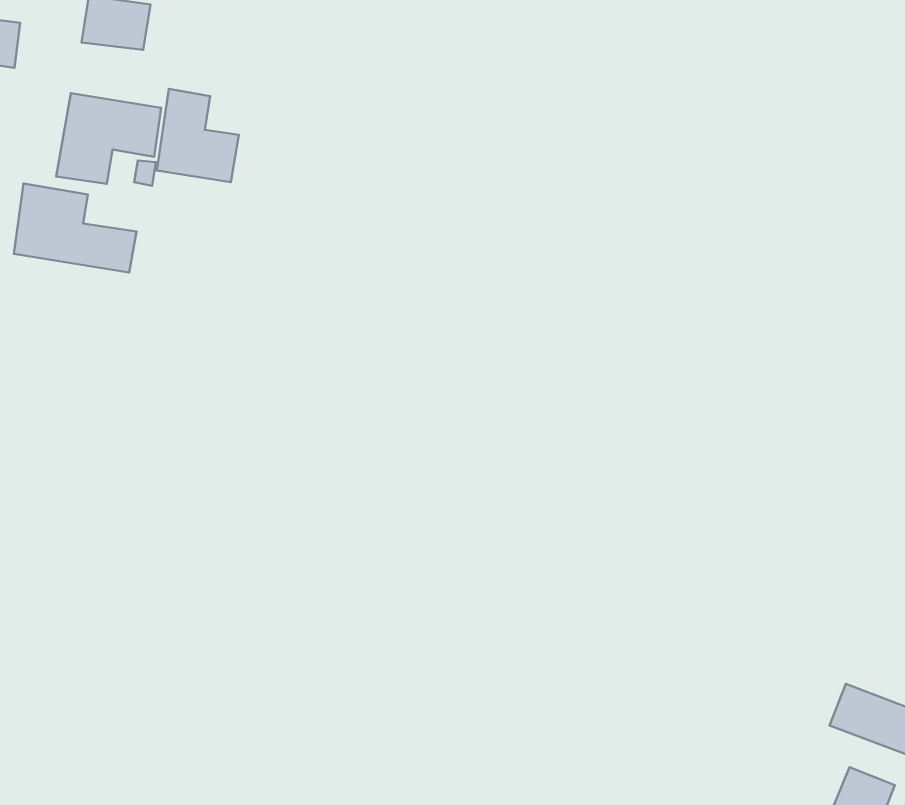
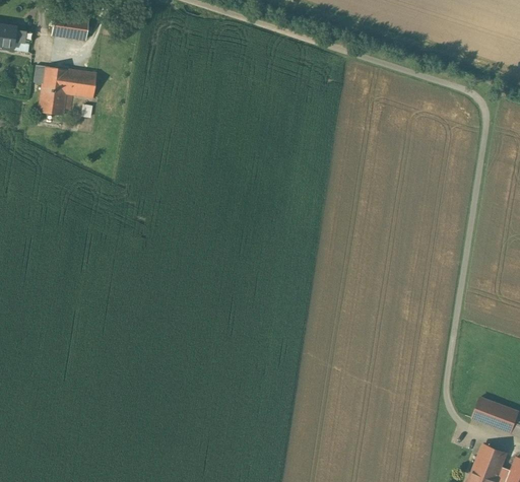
building: [157,89,239,182] -> none
building: [14,184,136,272] -> none

